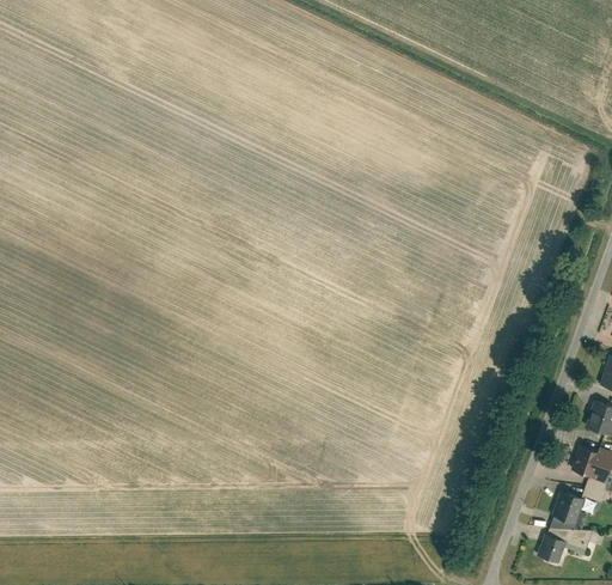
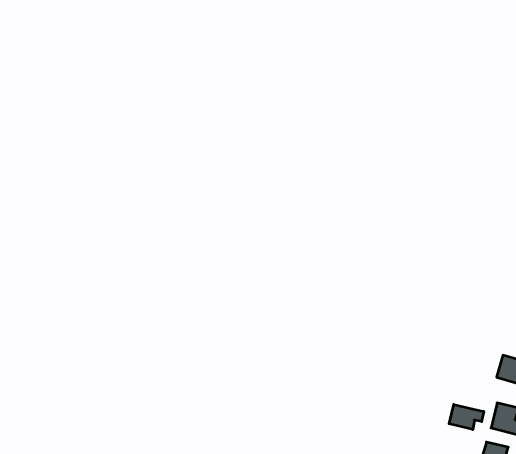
building: none -> [449,404,484,430]

